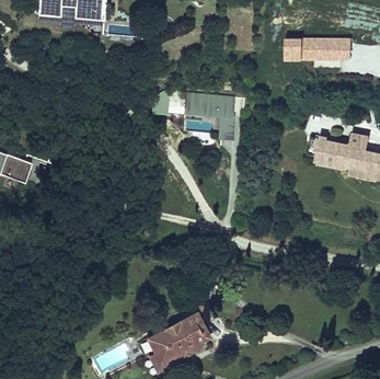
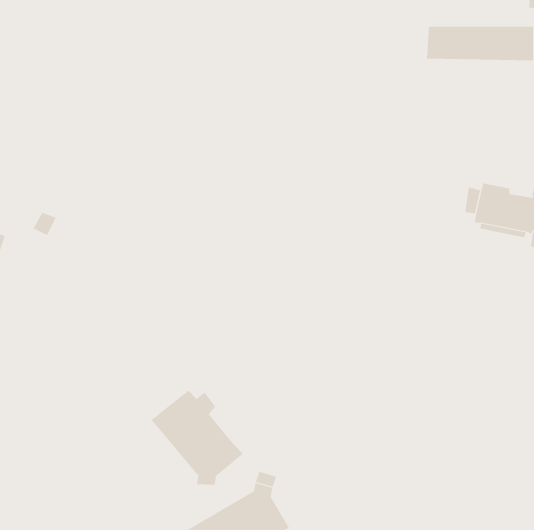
building: [186,92,234,135] -> none
building: none -> [151,390,243,486]

